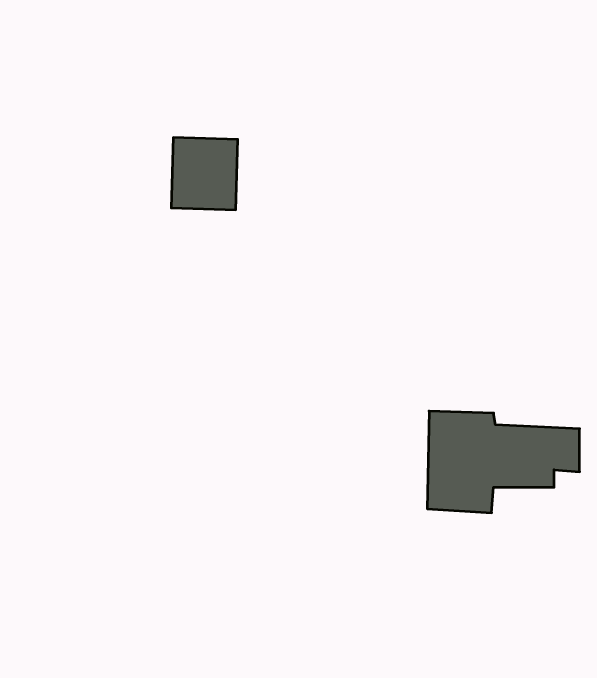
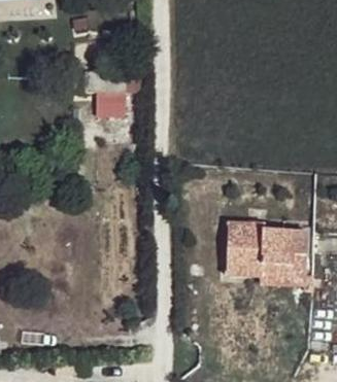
building: none -> [262,254,308,286]

